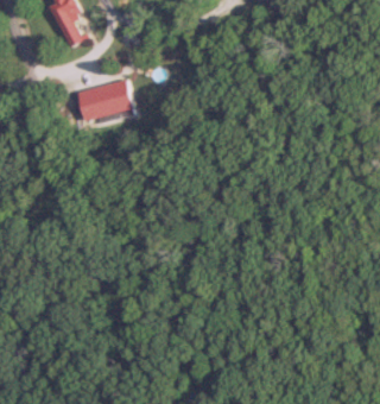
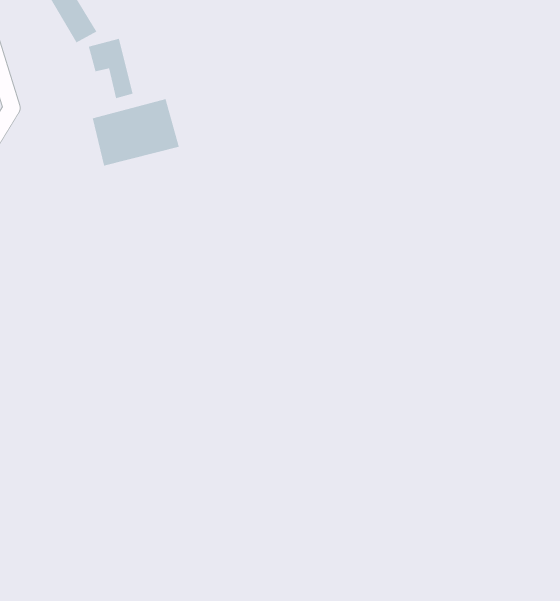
building: none -> [88,38,133,99]

